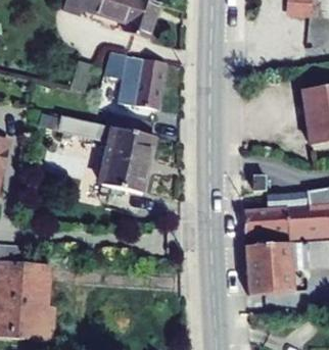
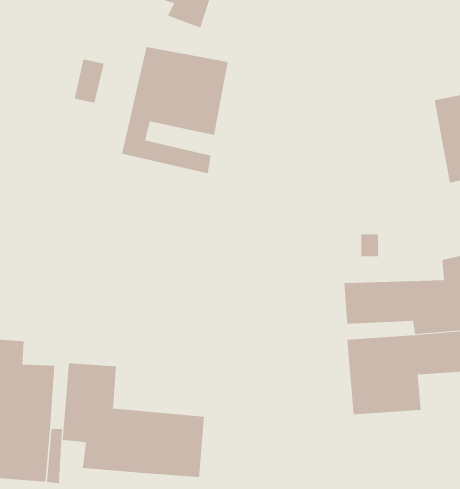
building: [60,115,156,193] -> none
building: none -> [62,363,204,478]

